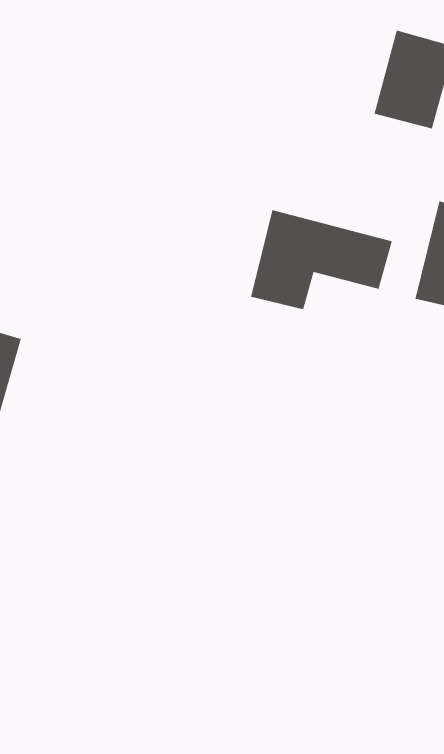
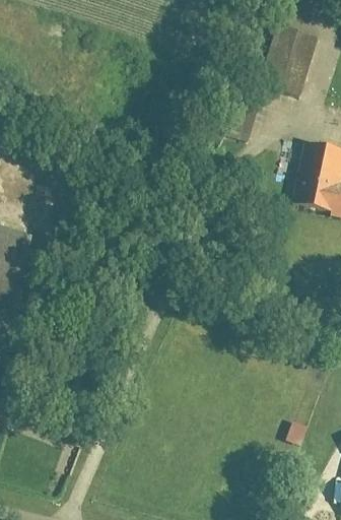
building: [250,209,393,310] -> none

